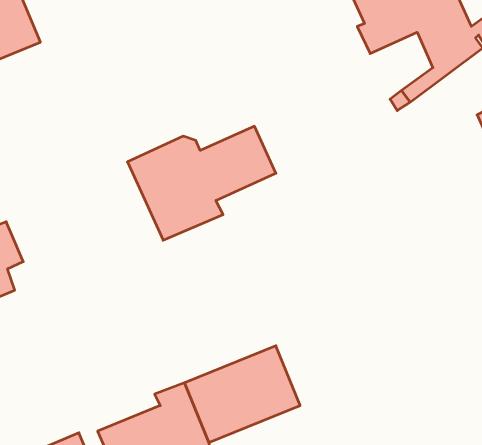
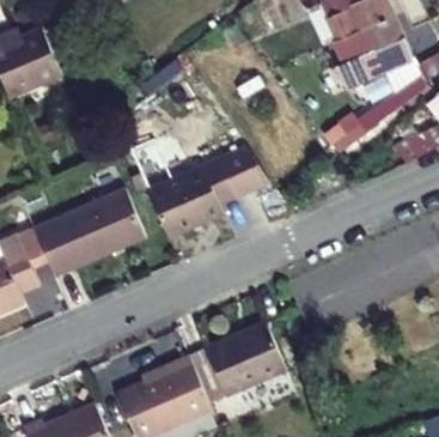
building: none -> [38,200,145,287]

